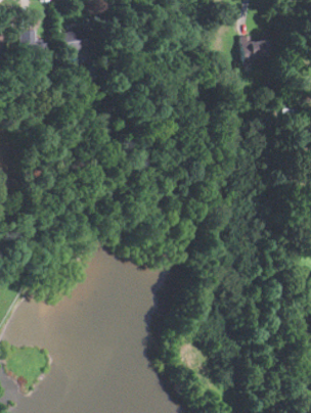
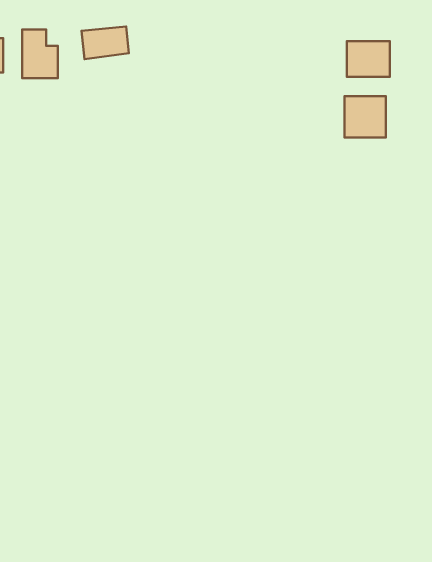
building: none -> [344,96,386,137]

